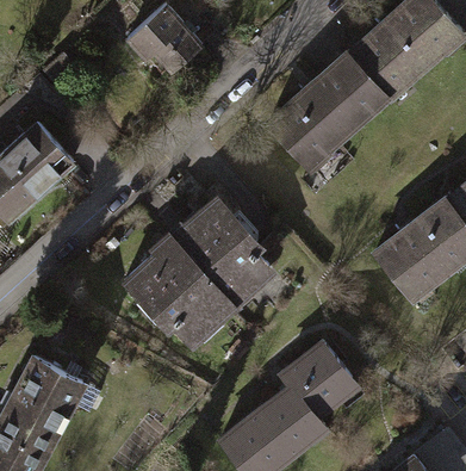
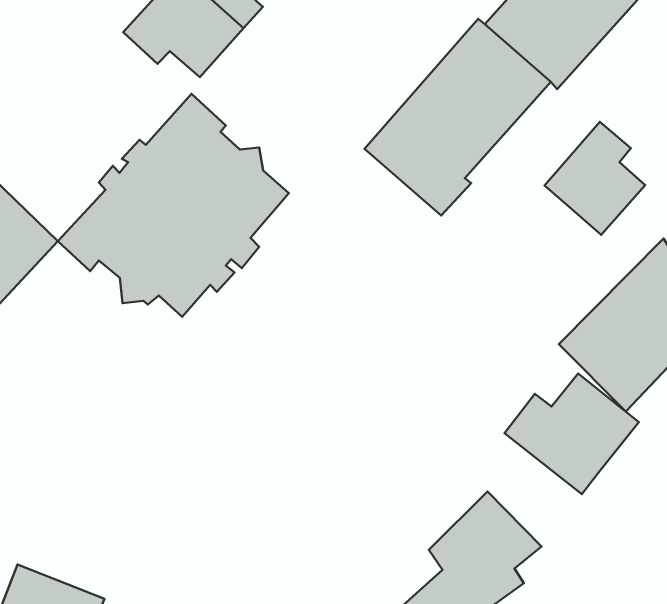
building: none -> [544,122,645,235]
building: [124,200,268,336] -> [58,94,289,317]
building: none -> [504,374,639,494]

